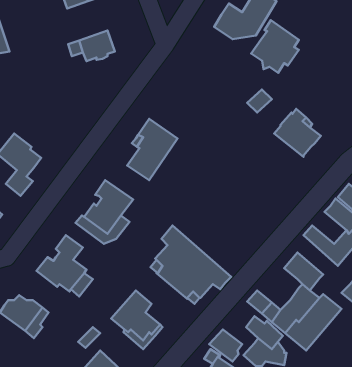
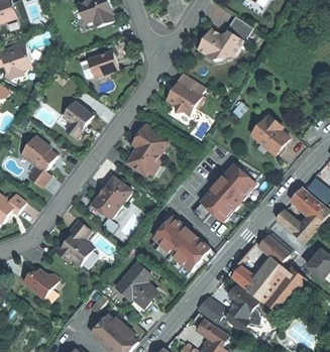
building: [251,20,299,73] -> [169,72,208,115]
building: none -> [65,100,95,137]
building: none -> [191,156,258,222]

